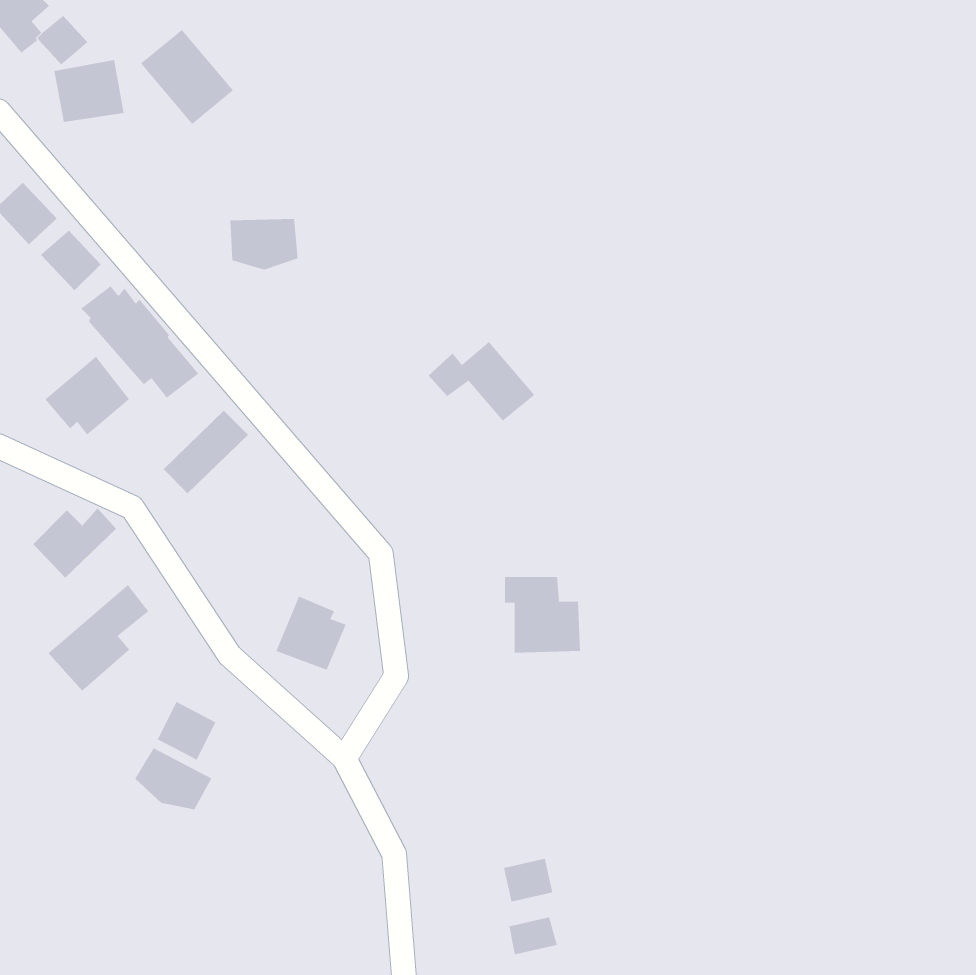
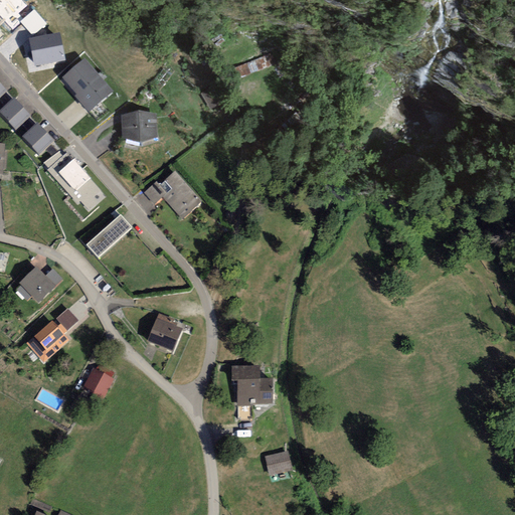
building: [140,29,234,125] -> [61,60,111,111]
building: [428,341,535,422] -> [142,174,198,216]
building: [45,356,130,436] -> none
building: [504,576,581,653] -> [231,364,272,404]
building: [134,748,212,810] -> none
building: [509,916,558,955] -> none

